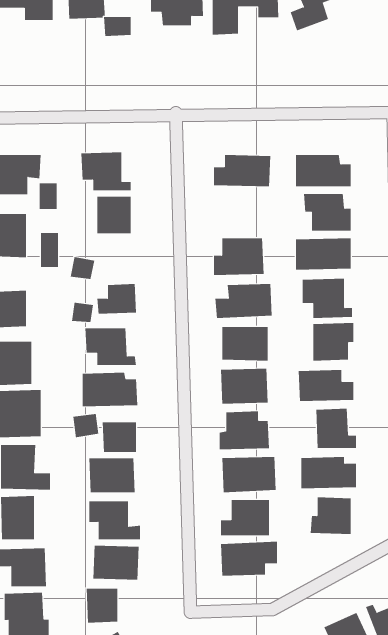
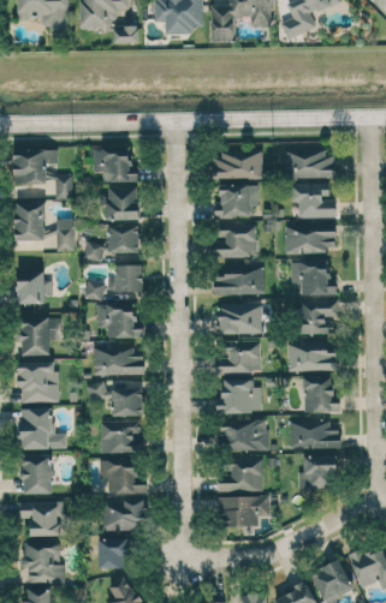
building: none -> [215,185,259,217]
building: none -> [109,225,139,253]

